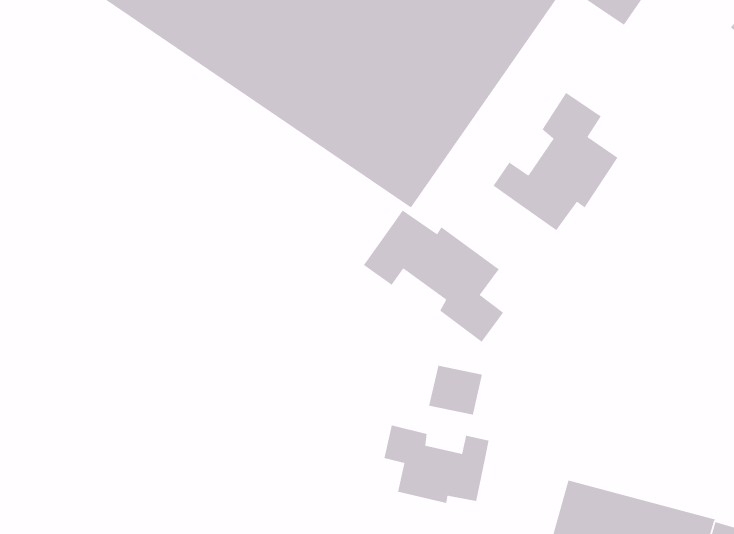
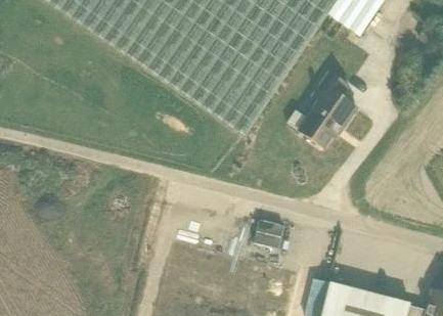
building: [363,210,504,343] -> none
building: [384,424,490,504] -> none

